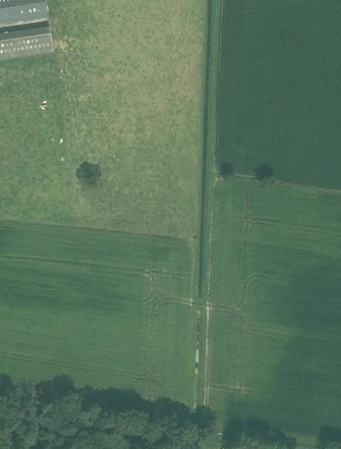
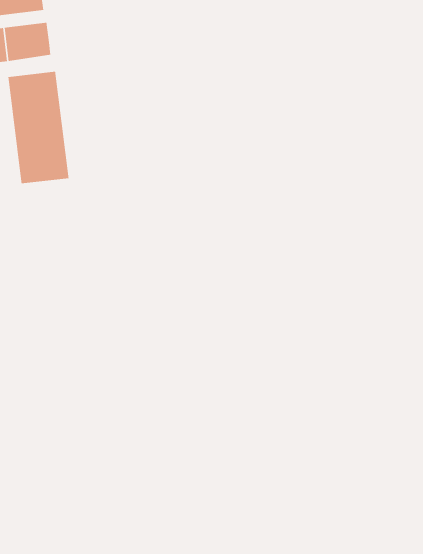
building: none -> [8,71,69,184]

